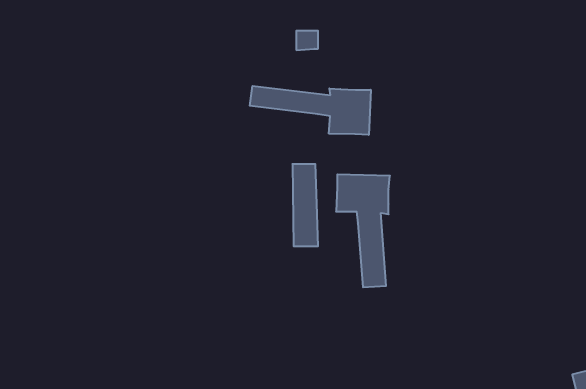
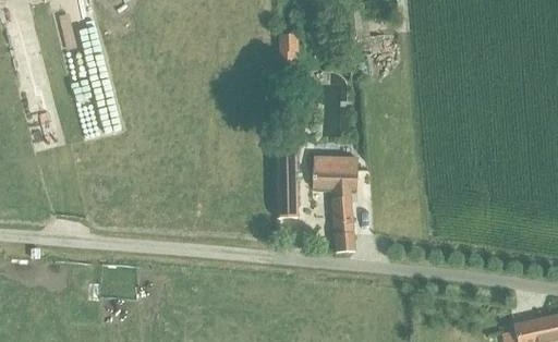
building: [250,86,371,135] -> none

